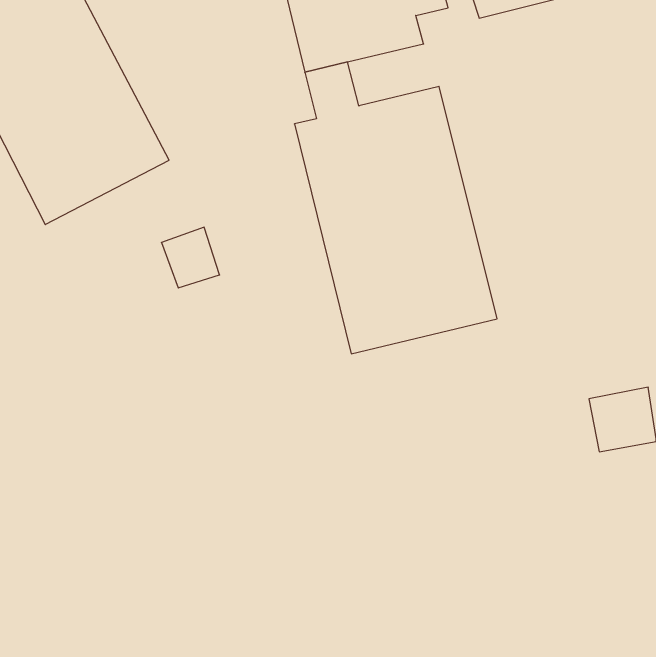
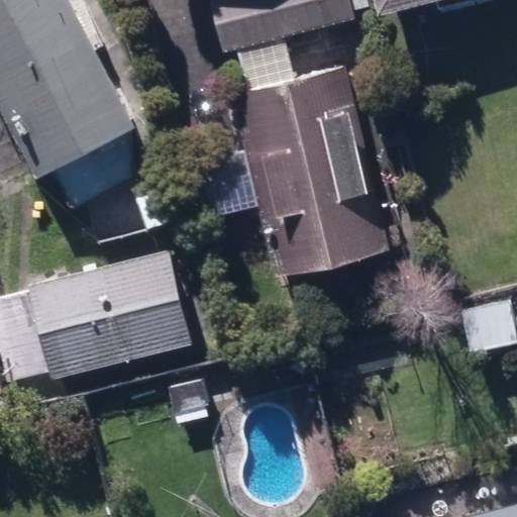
building: none -> [27,251,190,380]

